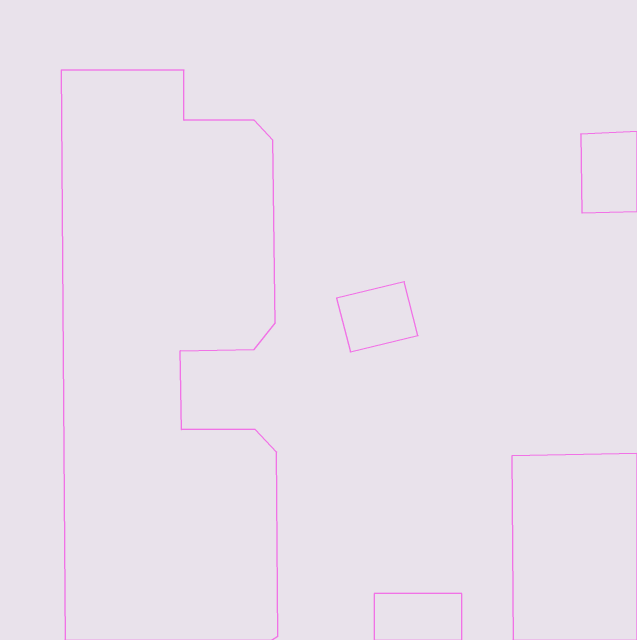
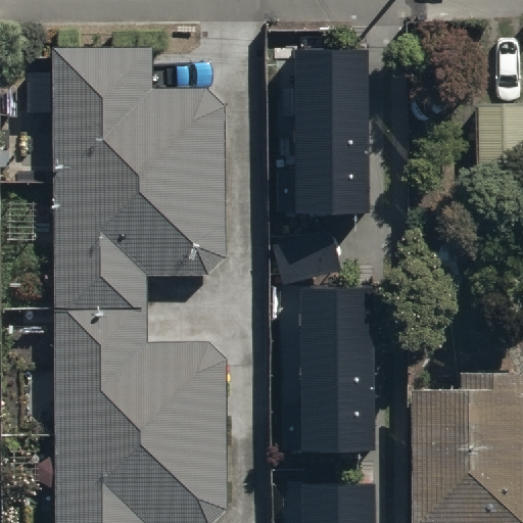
building: none -> [297,47,370,221]
building: none -> [304,287,377,461]

